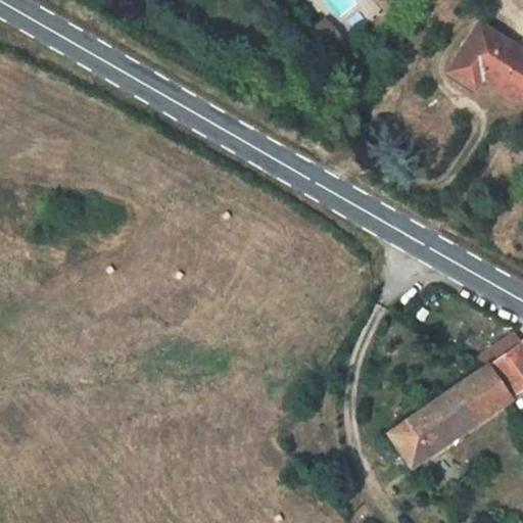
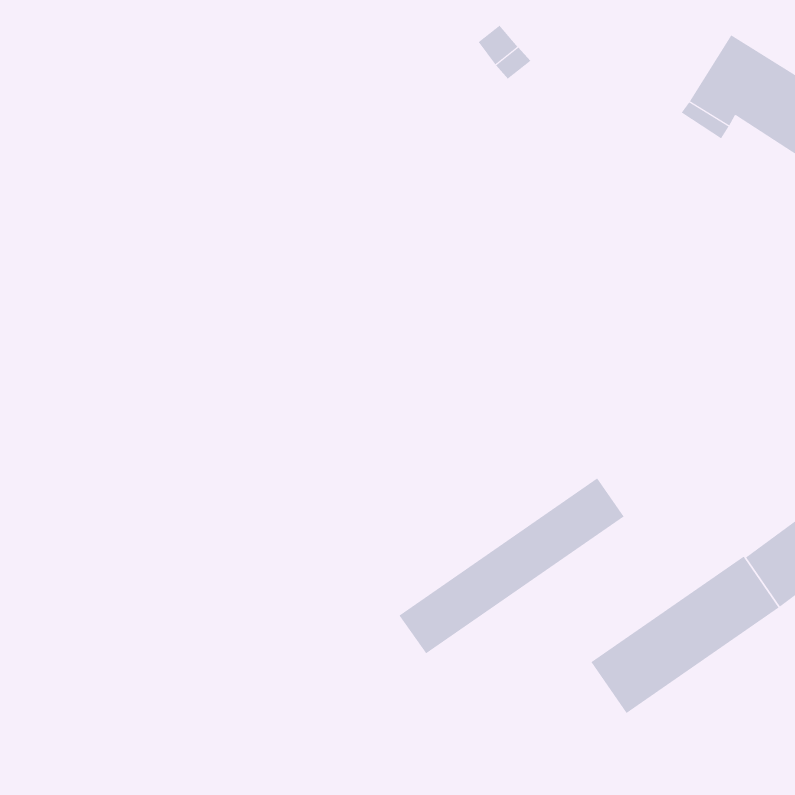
building: none -> [399,477,624,654]

